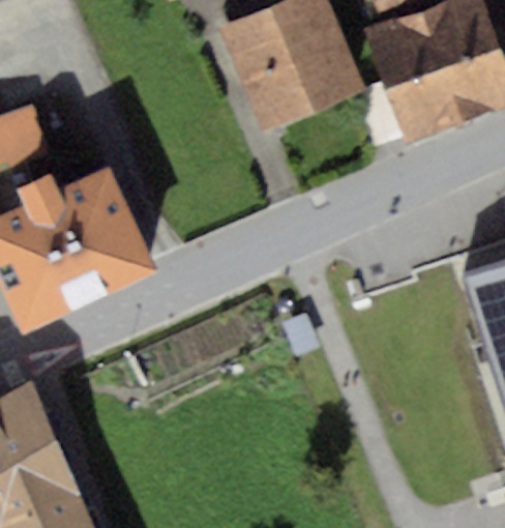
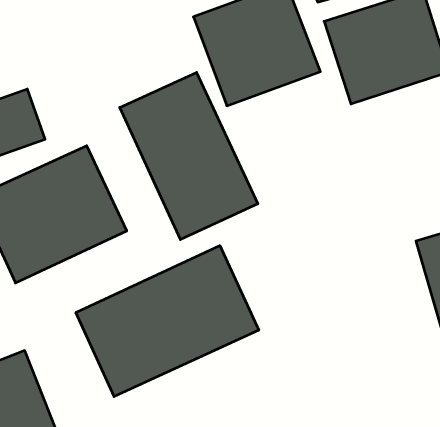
building: none -> [120,72,258,240]
building: none -> [76,246,259,397]

